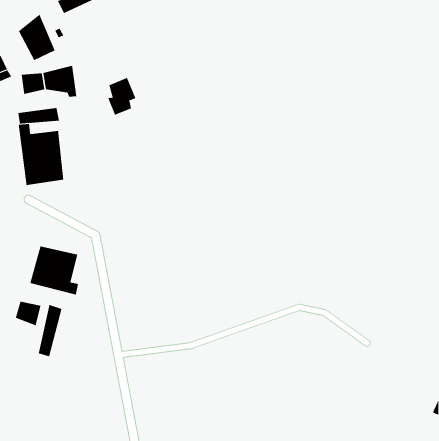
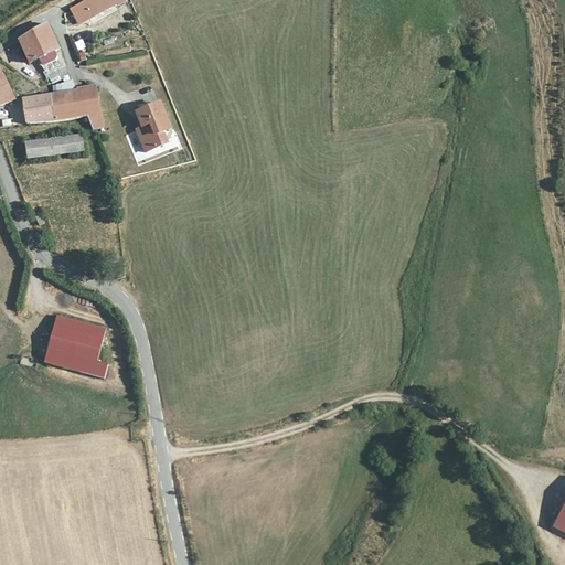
building: [18,123,64,186] -> none
building: [15,301,41,326] -> none
building: [38,304,62,357] -> none

